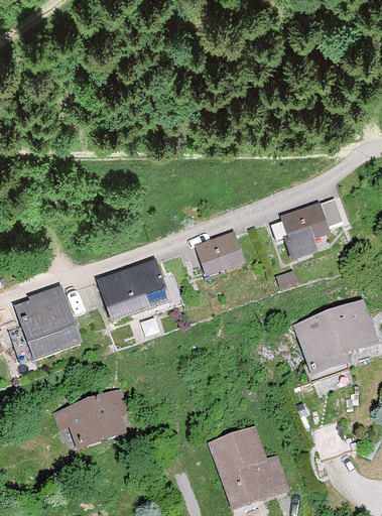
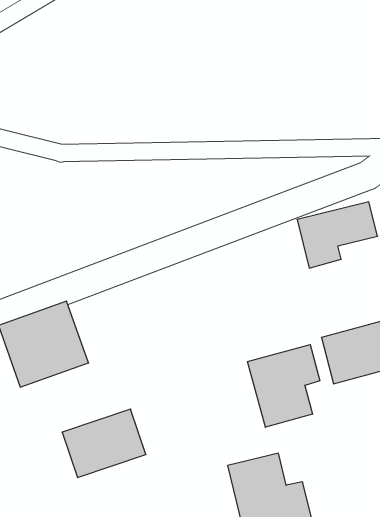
building: [185,230,240,274] -> none
building: [91,256,176,324] -> none
building: none -> [248,345,320,427]

